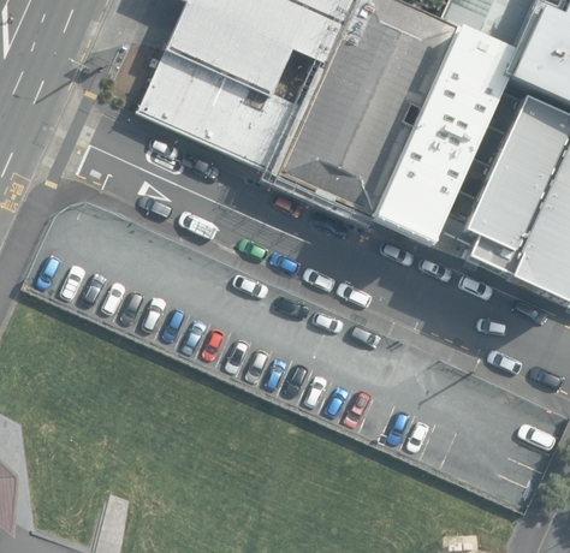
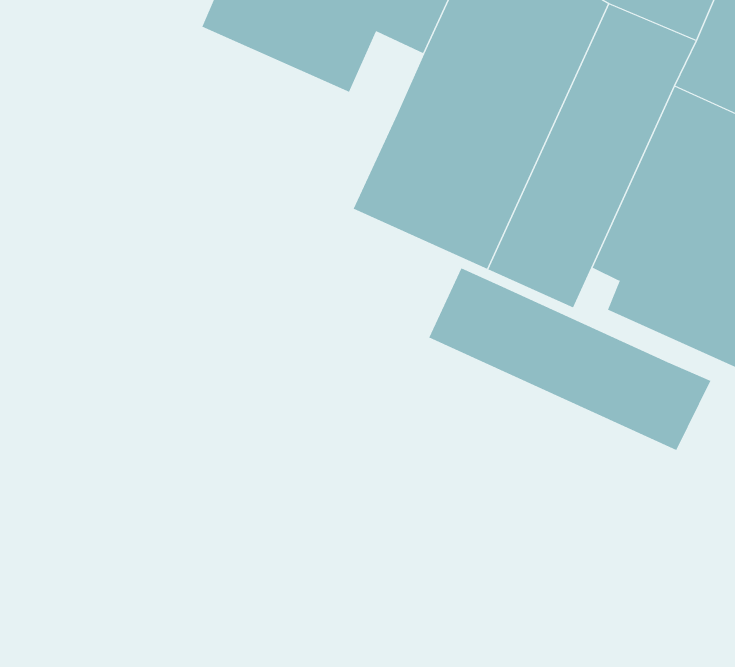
building: [138,48,308,178] -> none
building: none -> [428,267,711,451]

